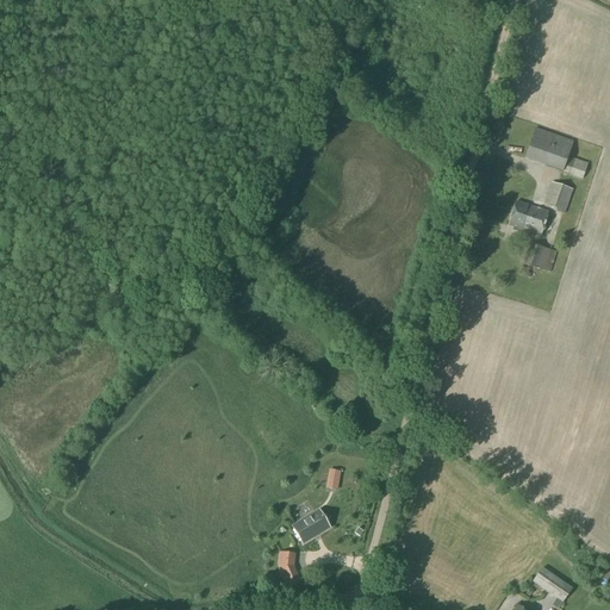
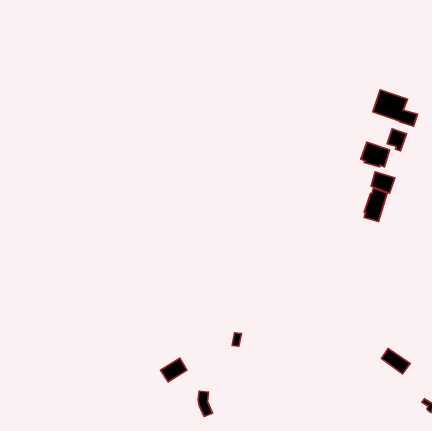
building: none -> [364,188,387,222]
building: [293,509,330,542] -> [160,358,187,382]
building: [533,565,573,600] -> [381,348,410,374]

